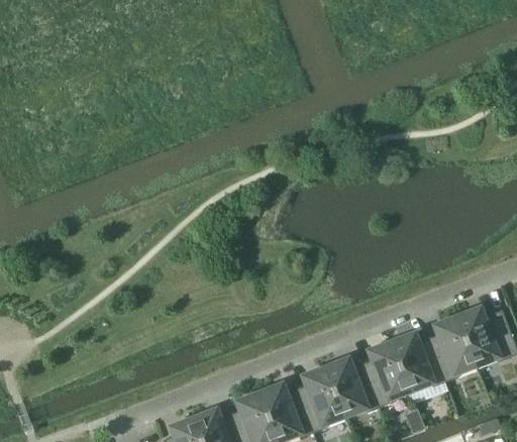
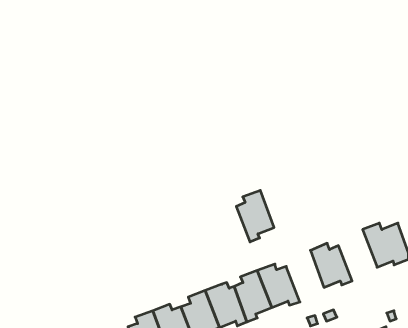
building: [426,316,475,380] -> none
building: [360,342,408,407] -> [236,190,274,242]

